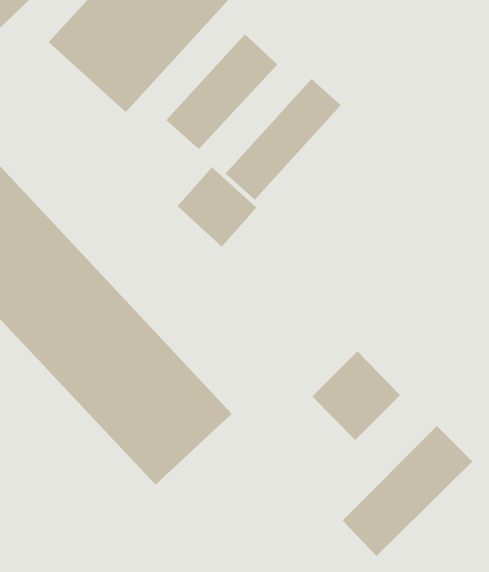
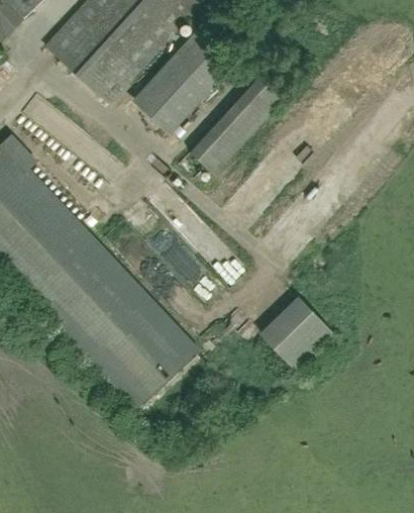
building: [177,166,257,247] -> none
building: [342,425,473,557] -> none

